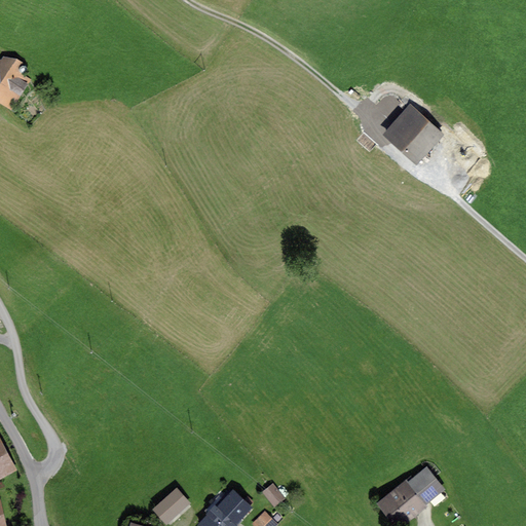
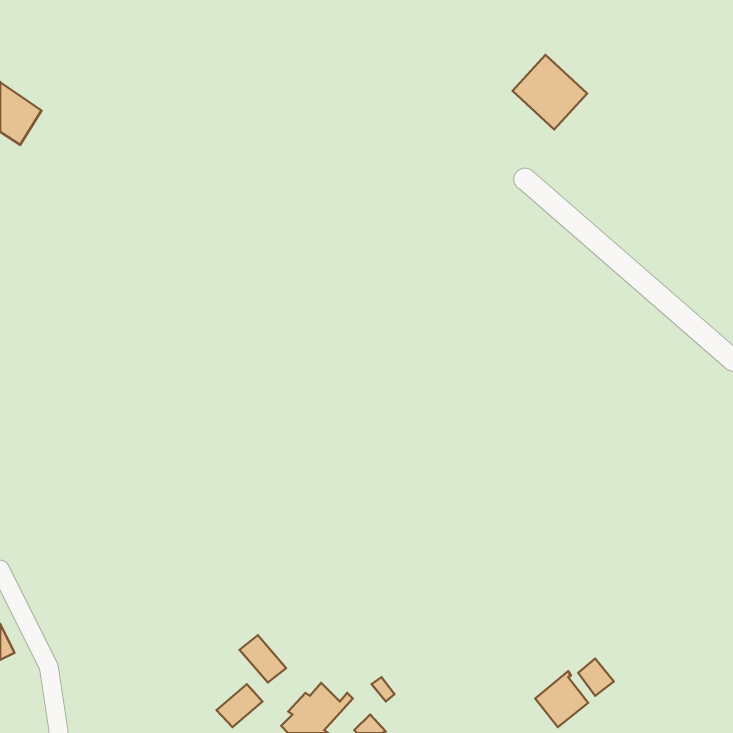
building: [386,107,440,160] -> [513,55,587,129]
building: none -> [240,635,286,683]

